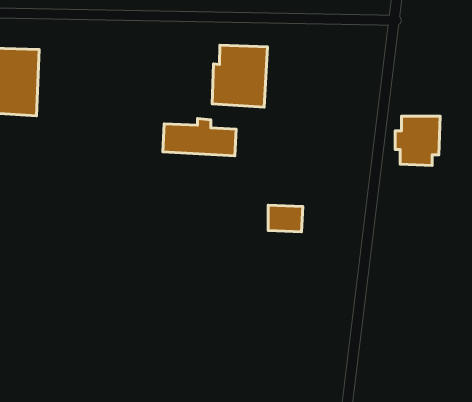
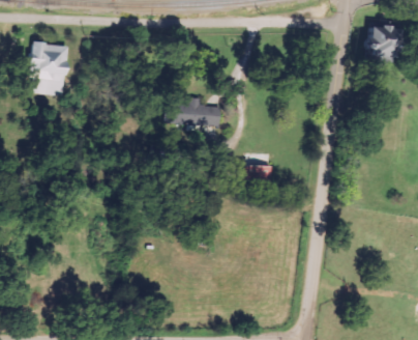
building: [212,45,268,107] -> none
building: [395,116,440,165] -> [363,25,398,63]

